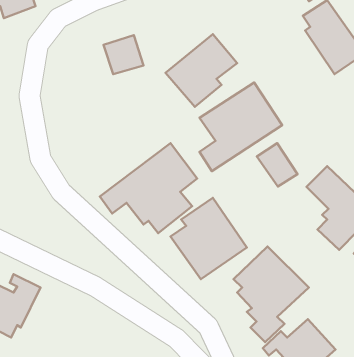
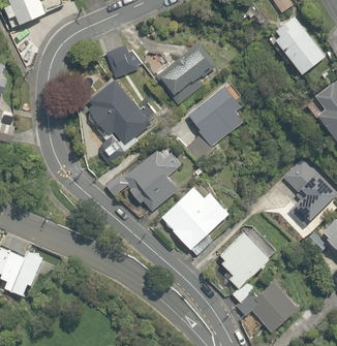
building: none -> [82,78,147,158]
building: [257,143,297,187] -> none

